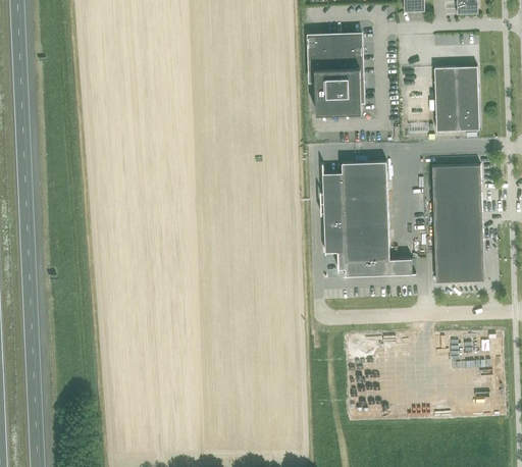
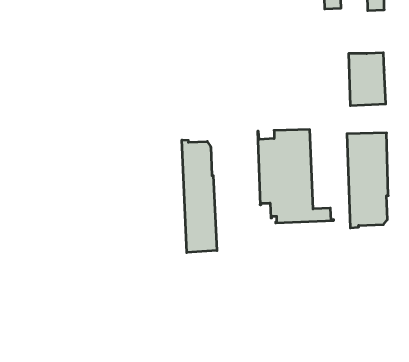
building: [308,34,364,114] -> none
building: none -> [182,140,217,253]

